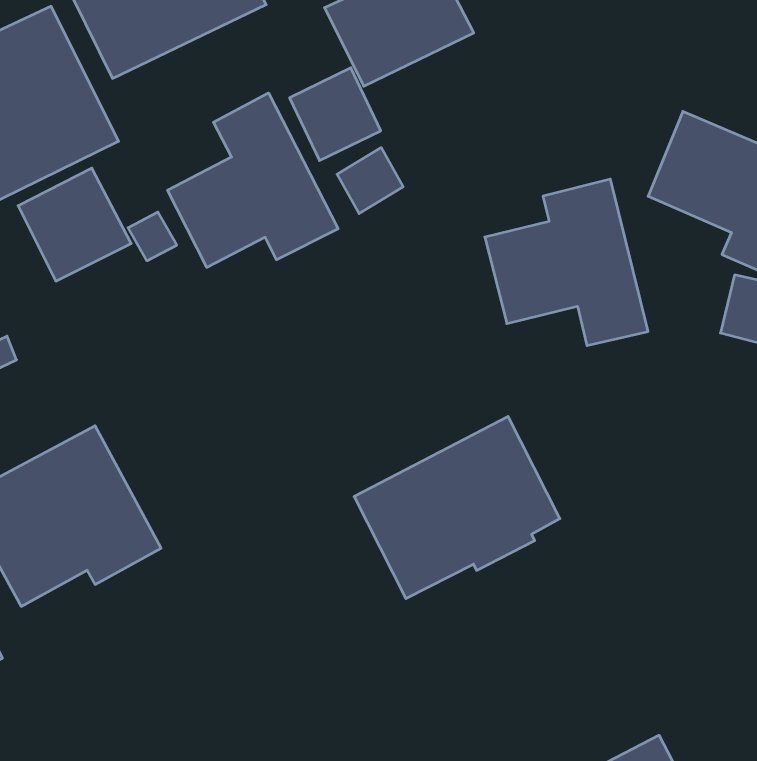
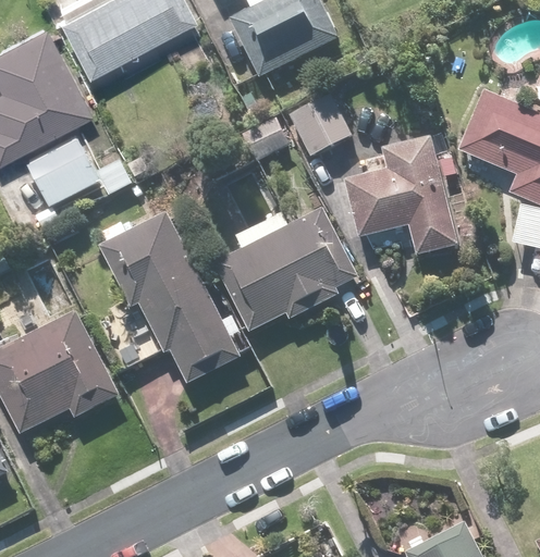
building: [290,68,381,161] -> [289,91,352,156]
building: [168,93,338,267] -> none
building: none -> [101,213,241,382]
building: [354,416,560,599] -> [213,207,356,333]

